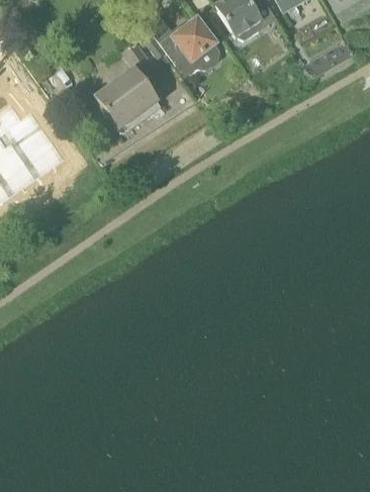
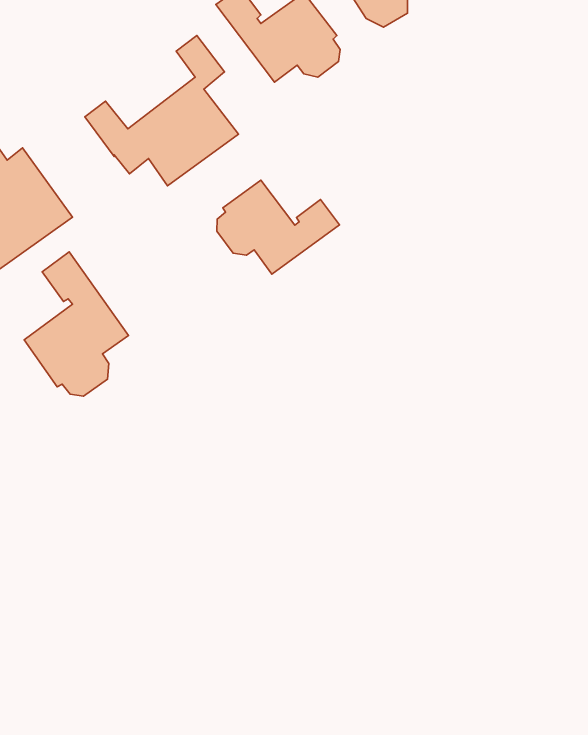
building: none -> [217,180,340,274]
building: none -> [24,252,129,396]

